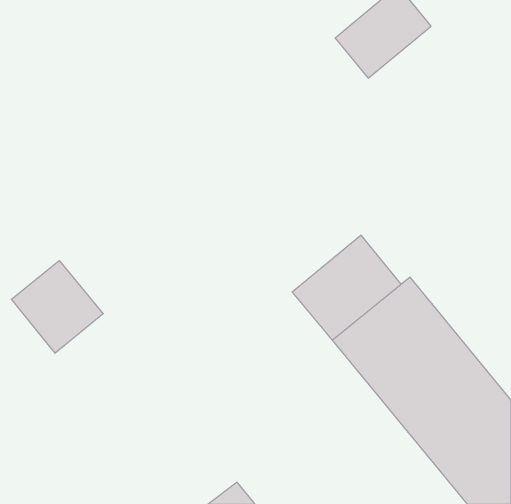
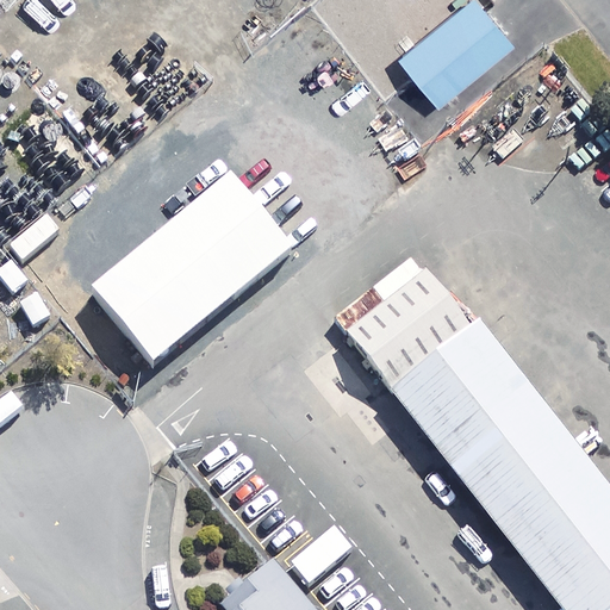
building: none -> [95,172,295,360]
building: [11,261,103,353] -> none

